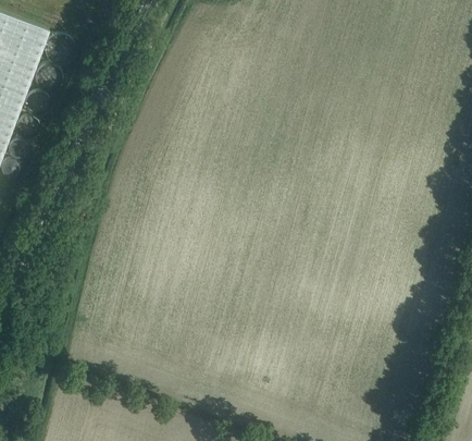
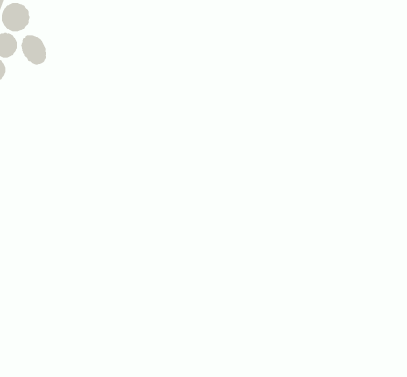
building: none -> [21,34,47,66]

